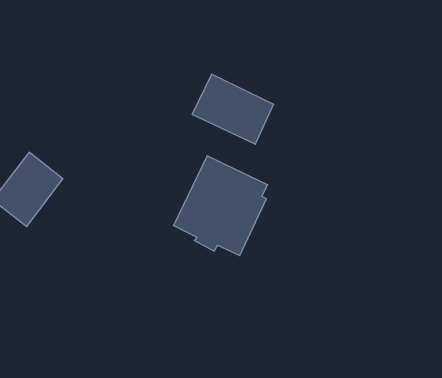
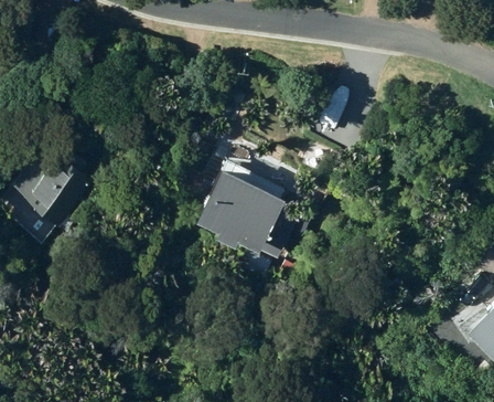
building: [192,74,274,144] -> none

